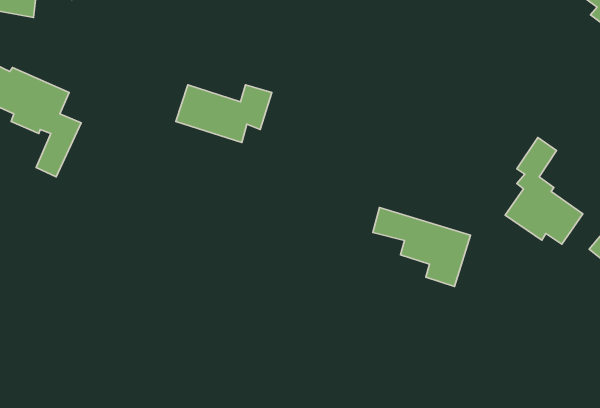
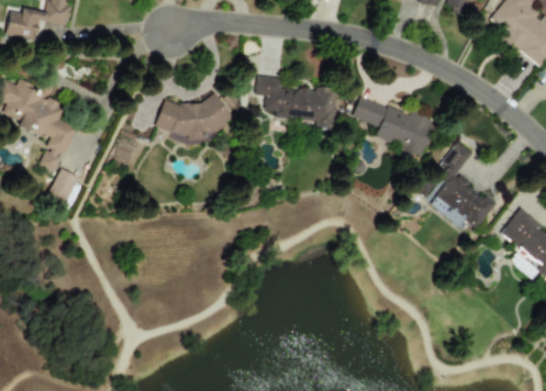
building: none -> [256,75,330,129]
building: none -> [48,168,77,202]
building: [373,207,470,286] -> [354,97,435,163]

